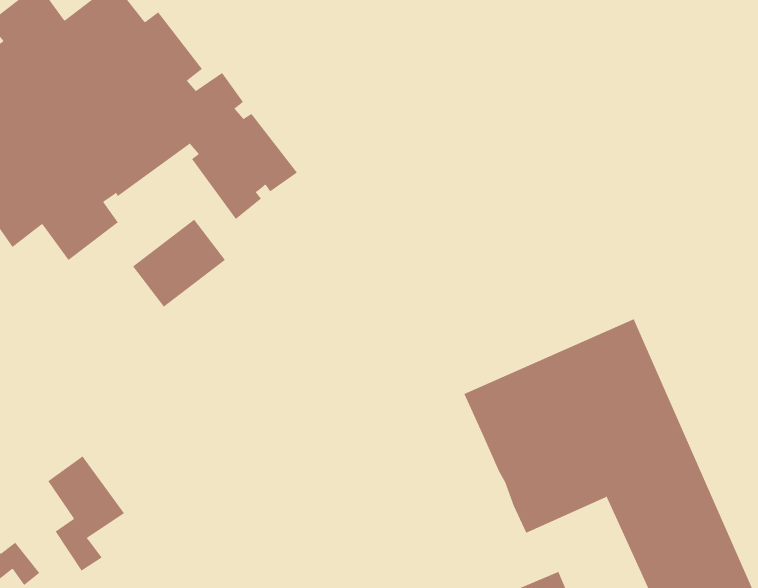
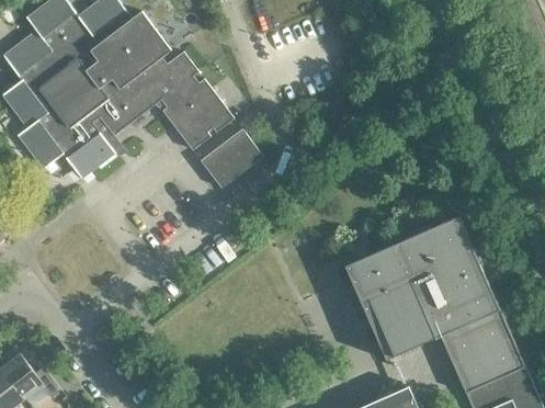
building: [132,219,226,308] -> [200,128,262,188]
building: [48,455,125,571] -> none

